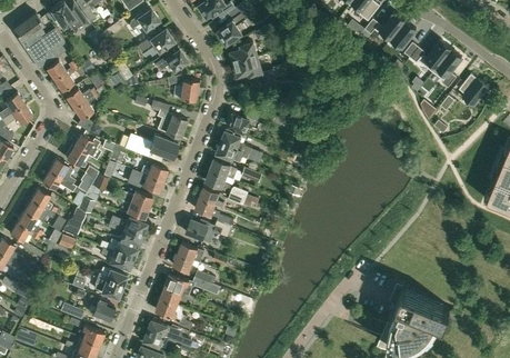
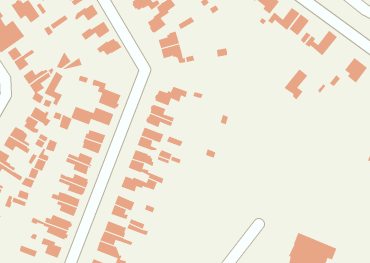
building: [432,49,462,88] -> [284,69,308,100]
building: [168,74,198,100] -> none
building: none -> [44,71,63,106]

